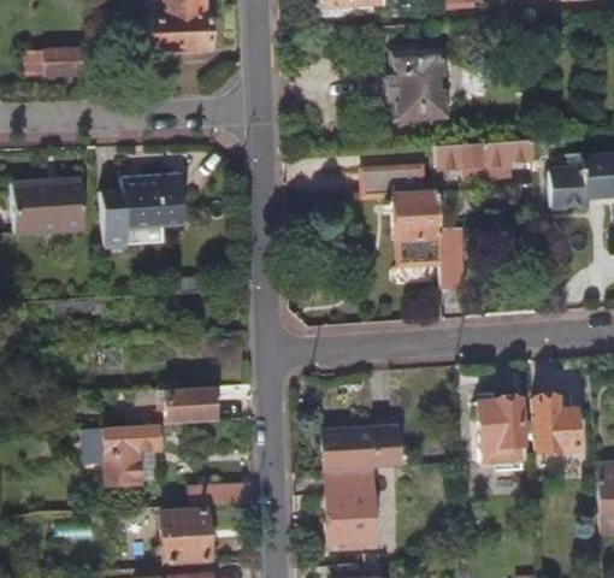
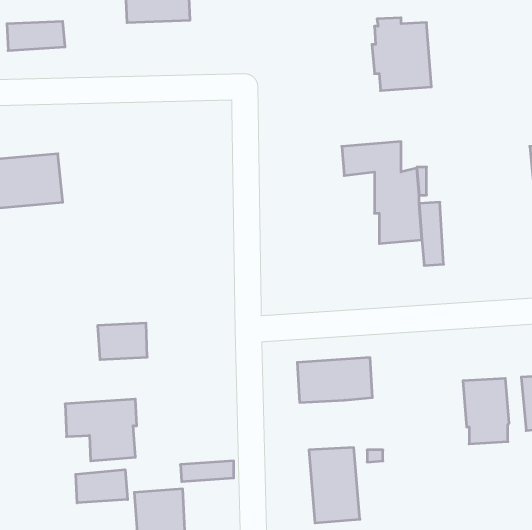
building: [432,140,531,176] -> none
building: [100,173,184,246] -> none
building: [163,387,212,423] -> [98,323,147,360]
building: [326,429,401,473] -> [297,358,372,402]
building: none -> [76,470,128,503]

